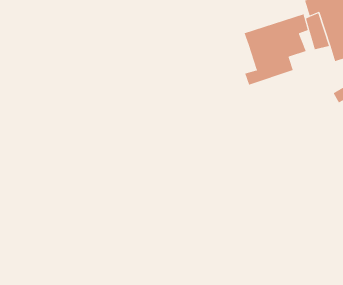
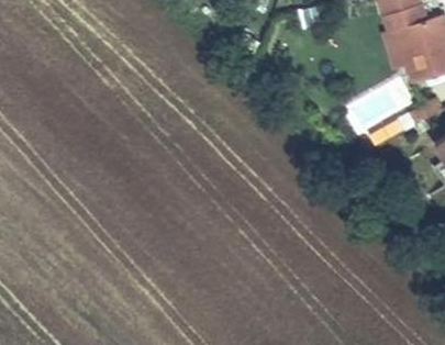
building: [244,14,308,86] -> none

